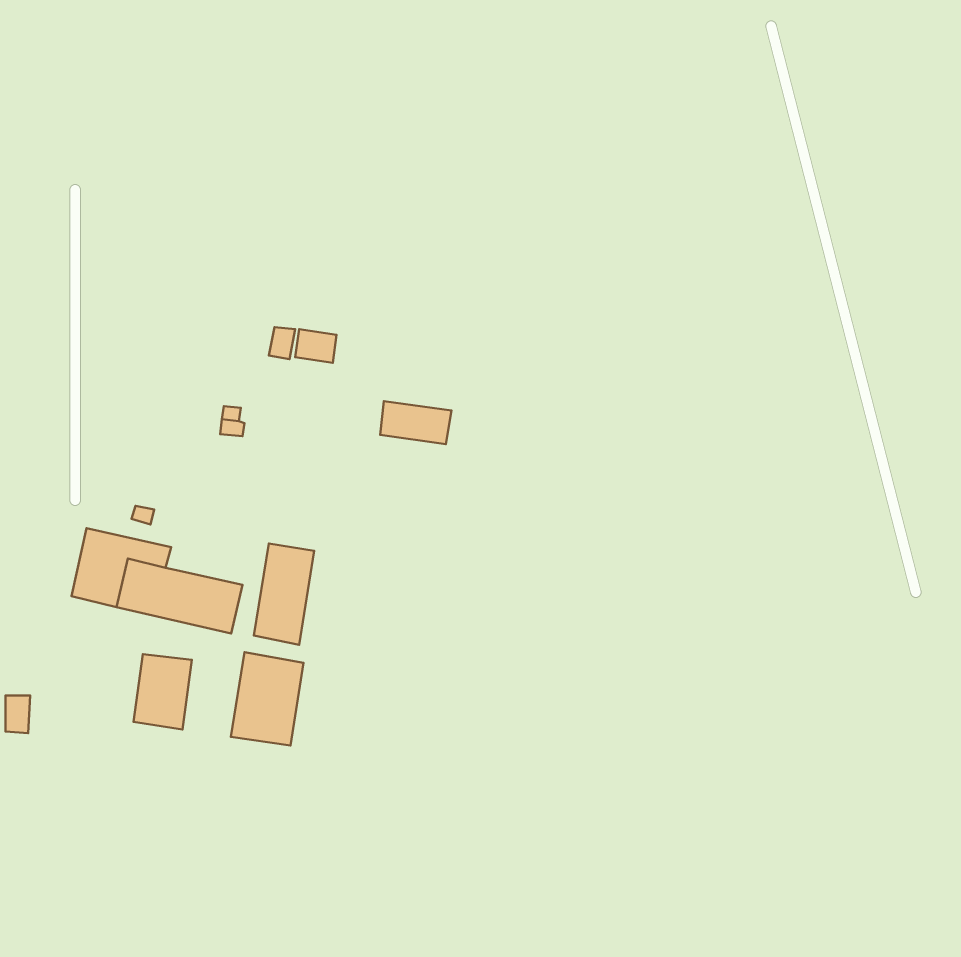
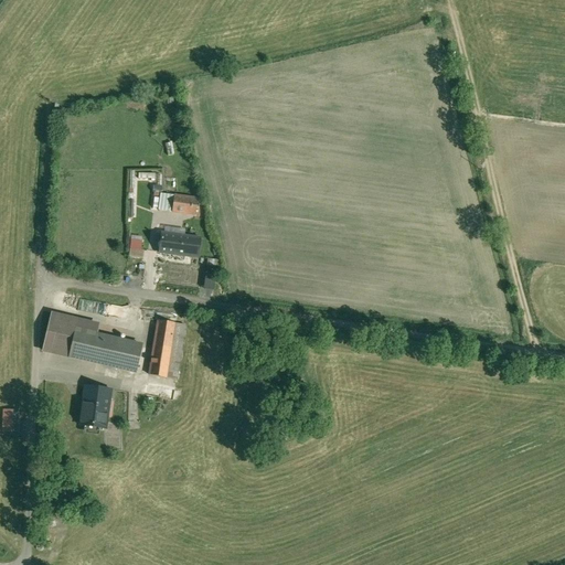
building: [380,401,452,444] -> [159,231,201,256]
building: [231,652,304,746] -> none

